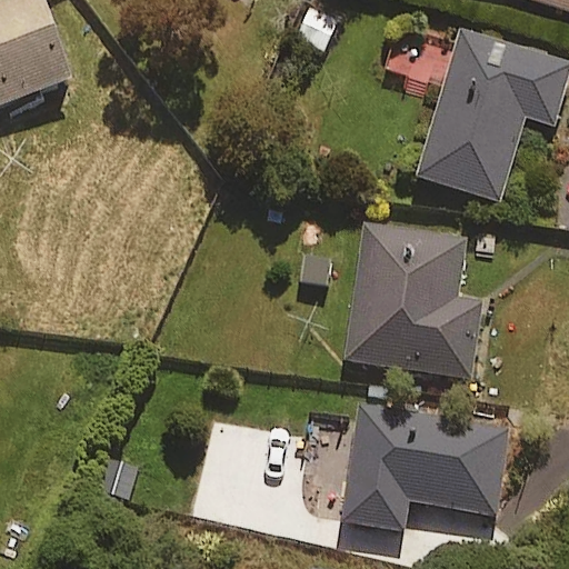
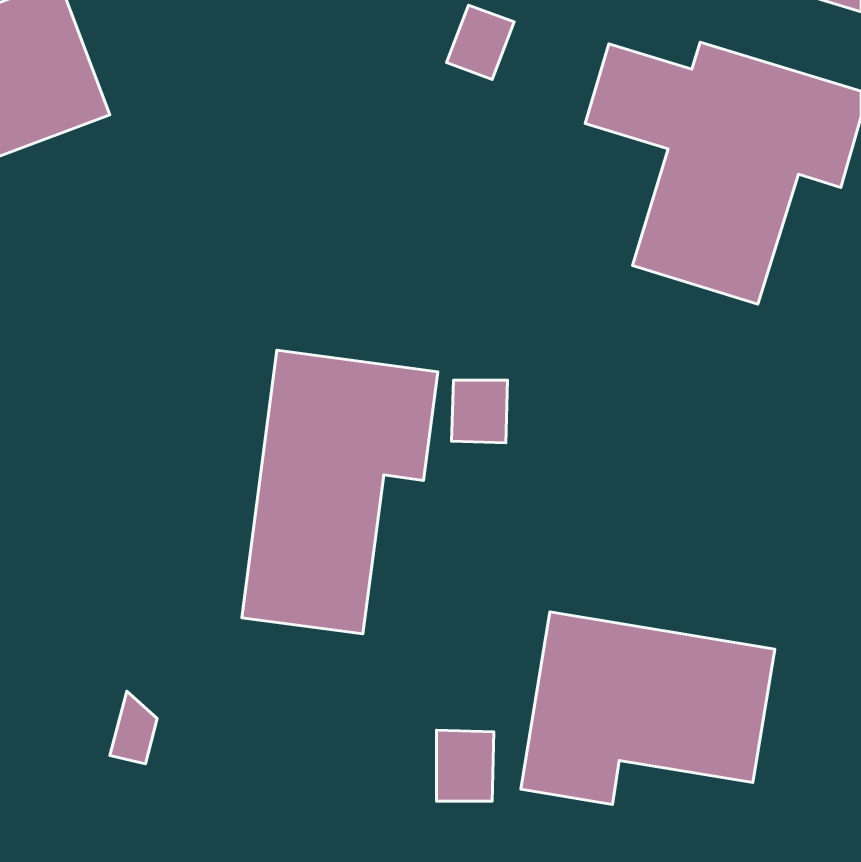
building: [347,224,481,378] -> none
building: none -> [242,350,438,634]

